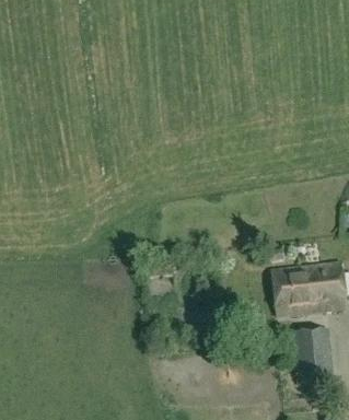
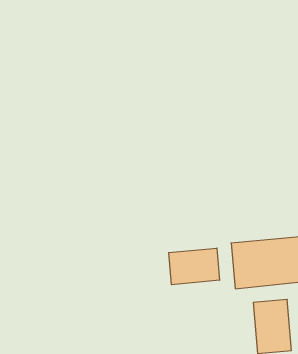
building: none -> [169,248,220,285]

